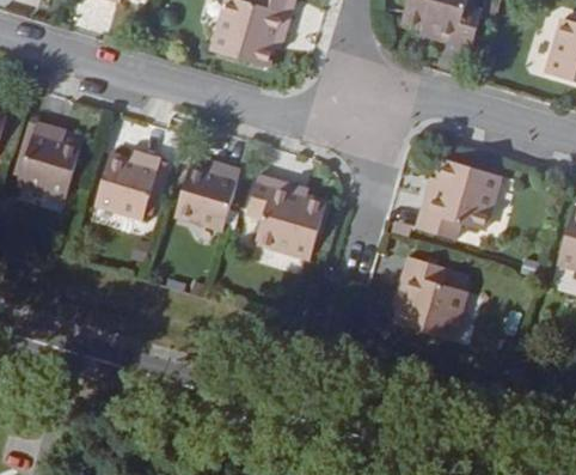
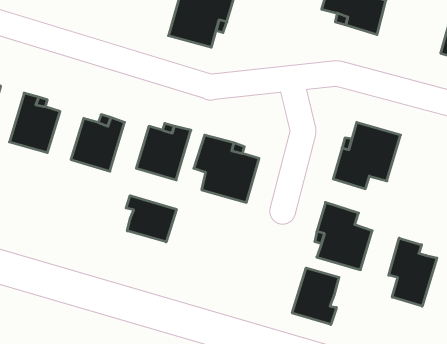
building: none -> [126,196,176,242]
building: none -> [389,238,437,306]
building: none -> [292,268,339,325]

